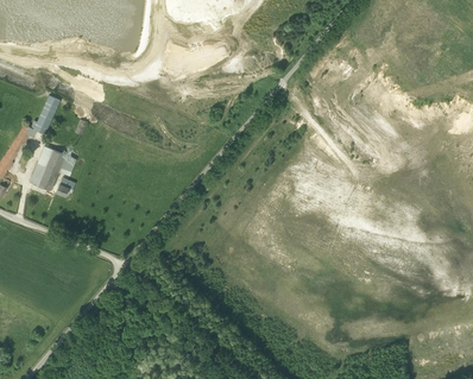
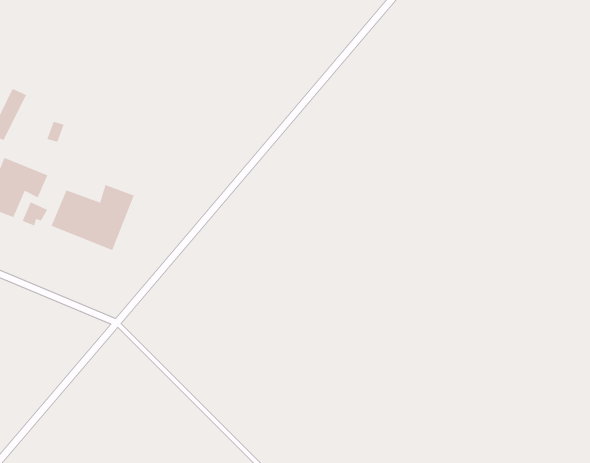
building: none -> [51,184,134,251]

